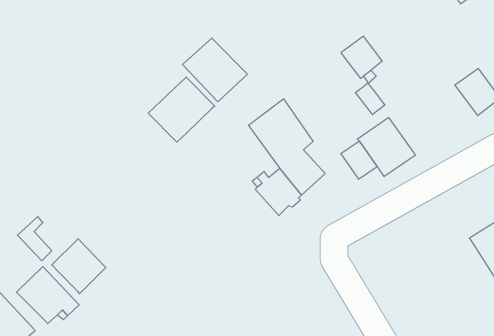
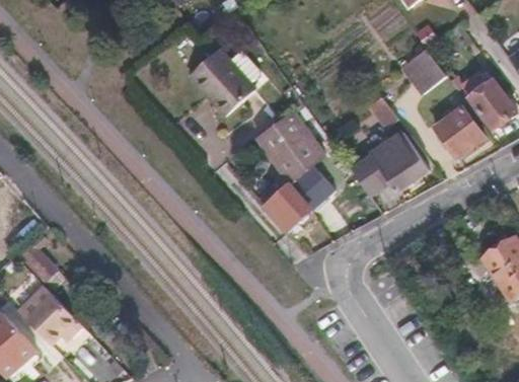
building: [341,36,382,78] -> [402,50,445,93]
building: [148,77,215,142] -> none
building: none -> [435,107,484,156]
building: [52,239,106,294] -> none

